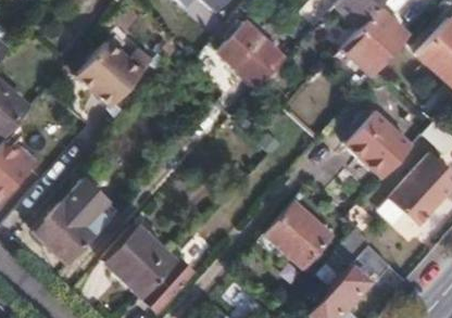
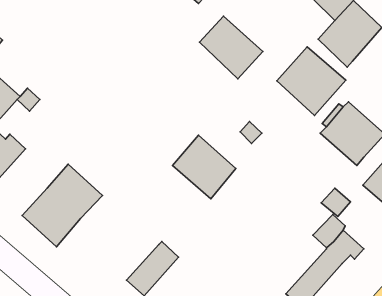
building: [76,40,153,105] -> none
building: none -> [277,47,346,116]
building: [265,201,331,267] -> [172,135,236,199]
building: [101,225,176,297] -> none

